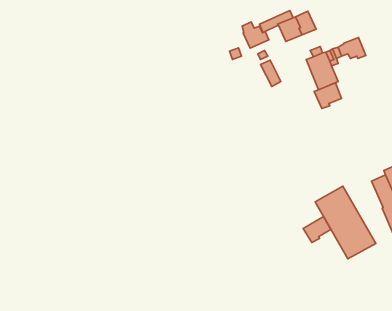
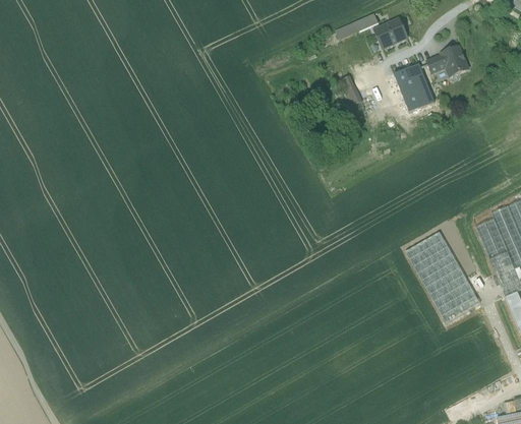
building: [242,22,269,48] -> none
building: [314,83,342,109] -> none
building: [303,217,331,242] -> none

